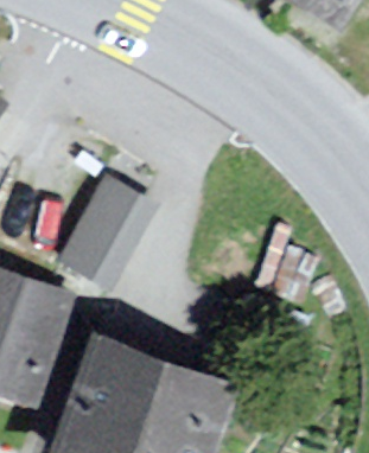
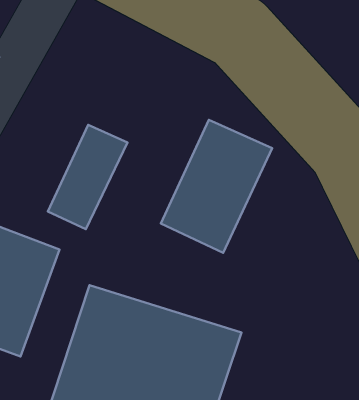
building: none -> [161,120,272,253]

